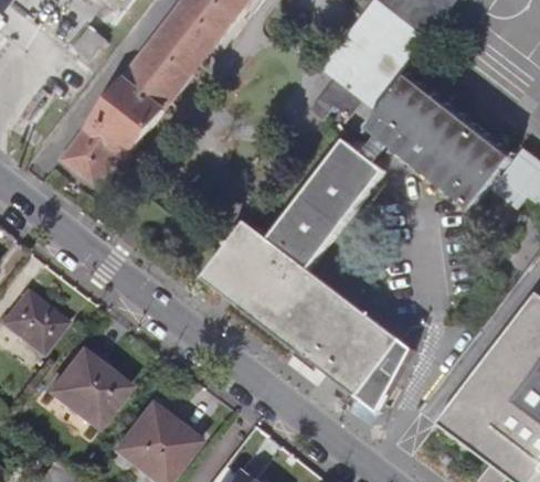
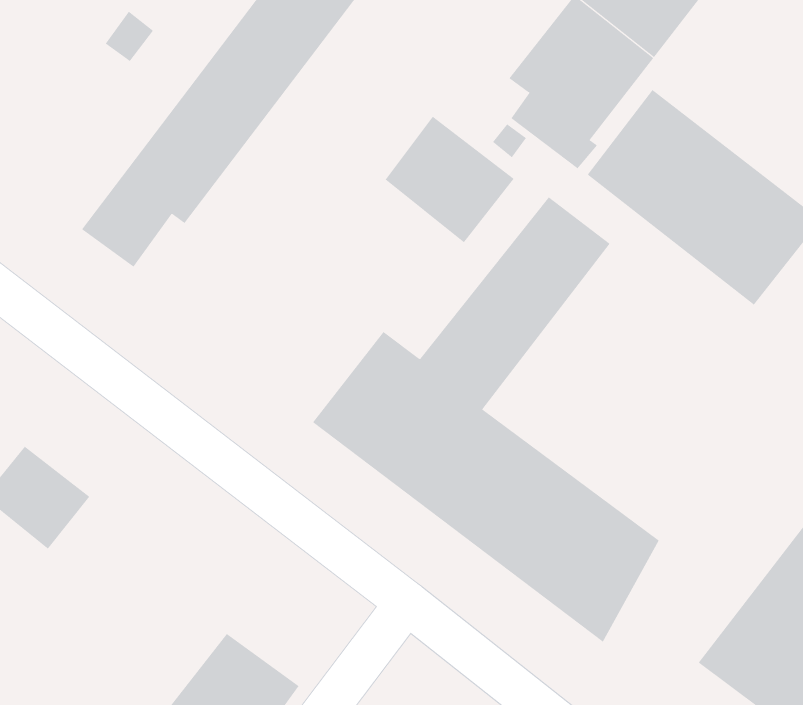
building: none -> [385,116,514,243]
building: [47,350,127,428] -> none

